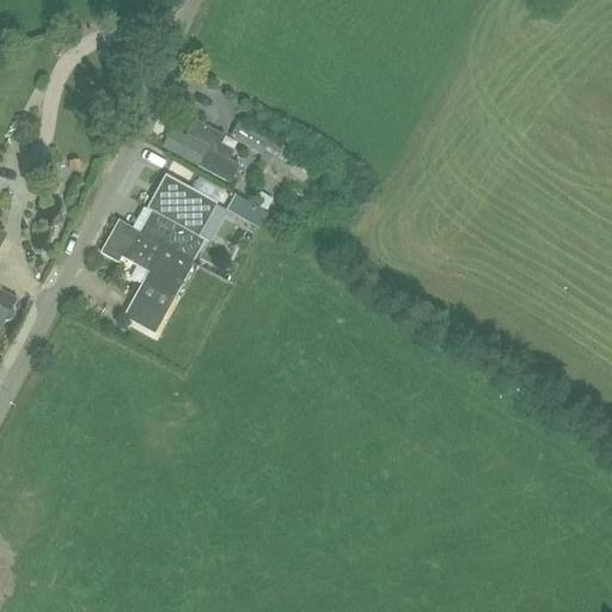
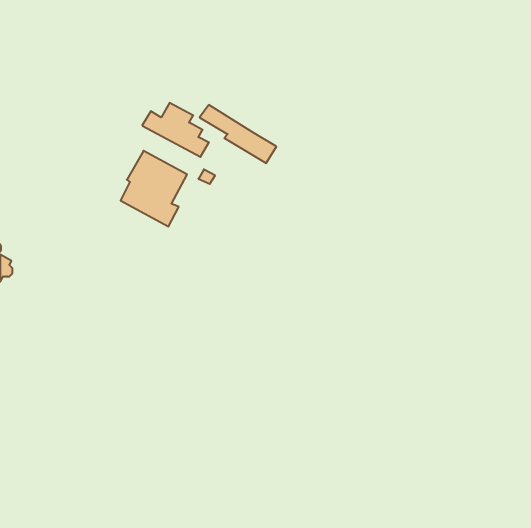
building: [100,220,194,293] -> none
building: [126,296,165,332] -> none

